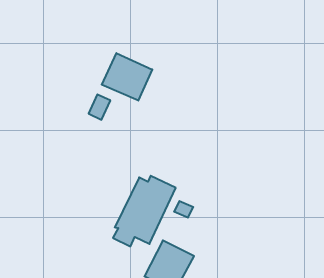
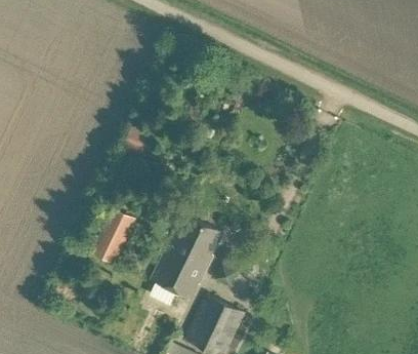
building: [102,53,152,101] -> none
building: none -> [92,208,137,264]

